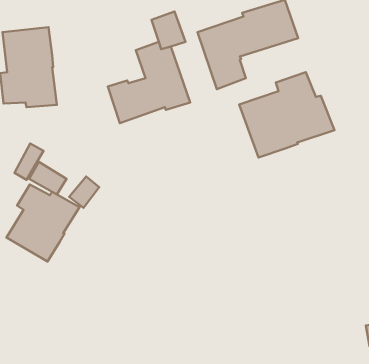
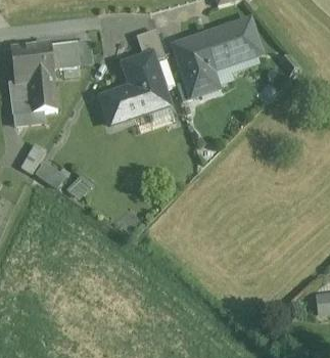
building: none -> [50,41,80,68]
building: [239,72,334,157] -> none
building: [6,185,80,261] -> none

